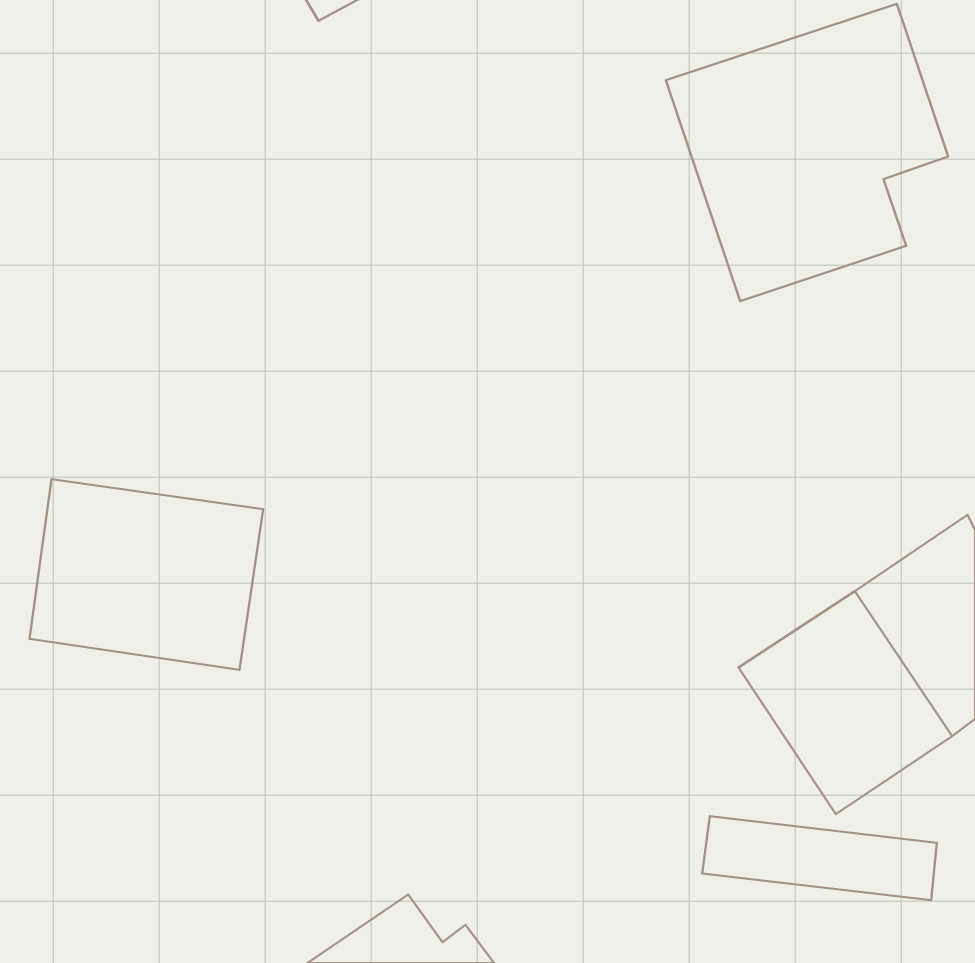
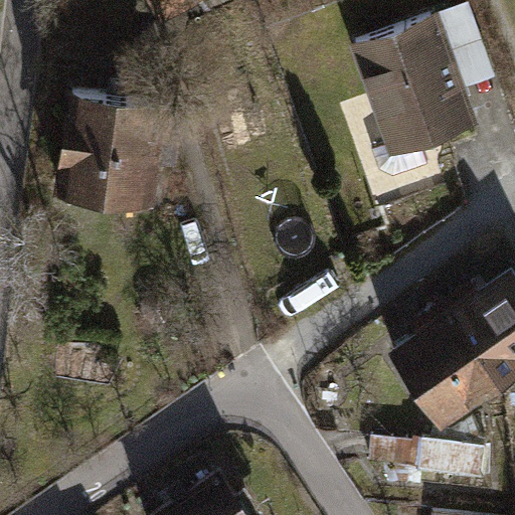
building: none -> [59,104,166,216]
building: [30,479,263,670] -> none

